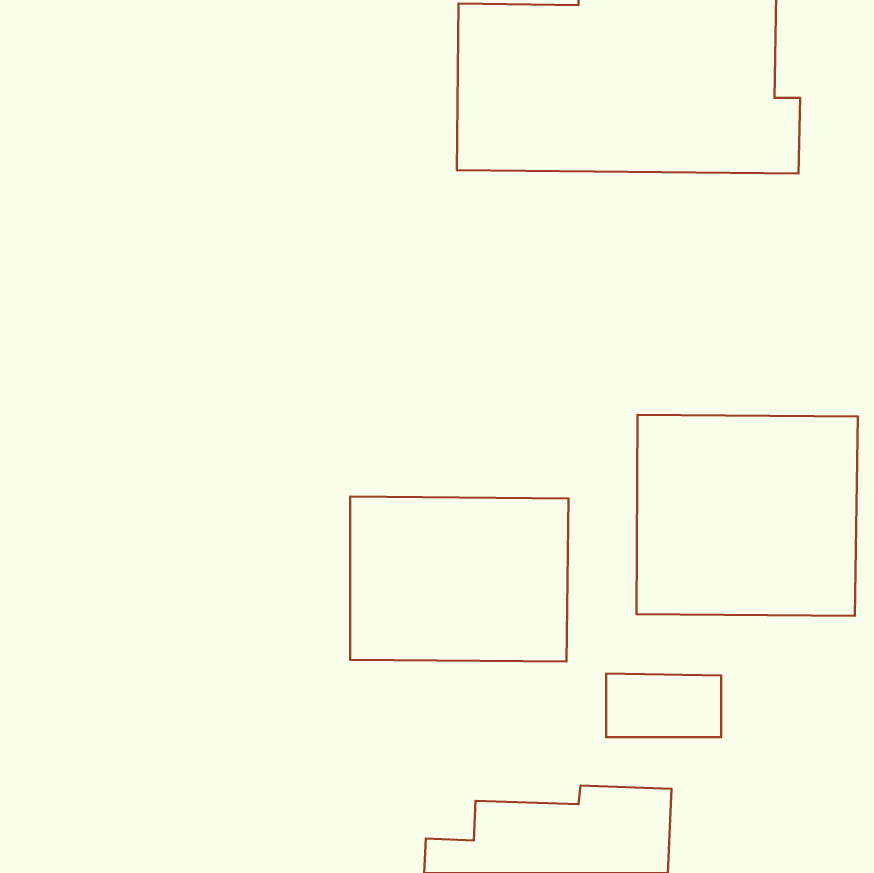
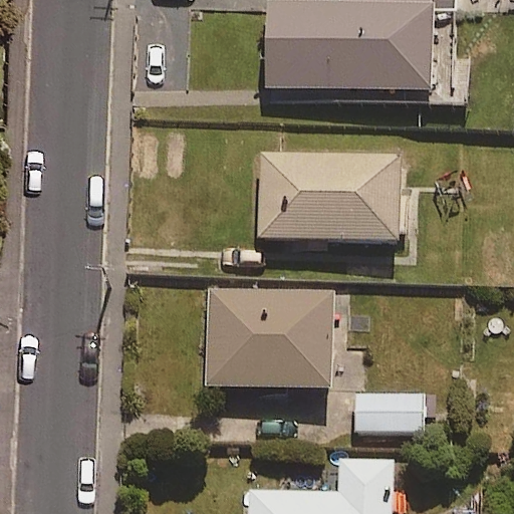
building: none -> [259,153,400,239]
building: [636,415,858,616] -> none

